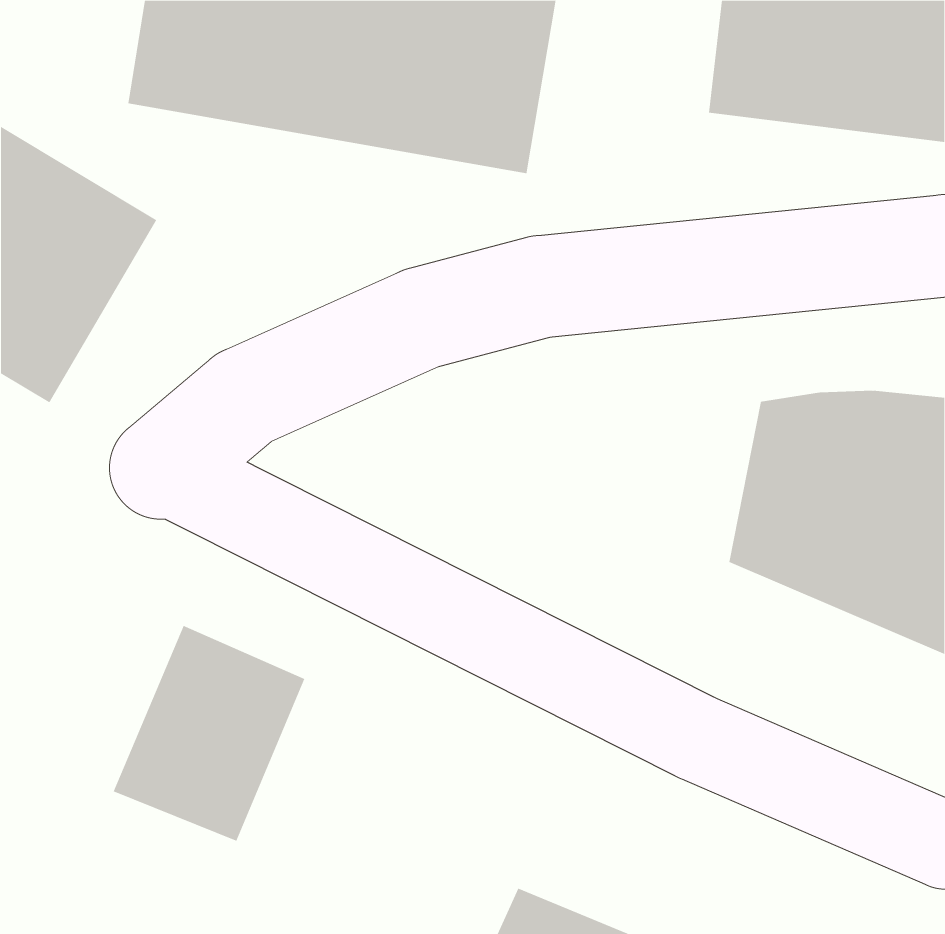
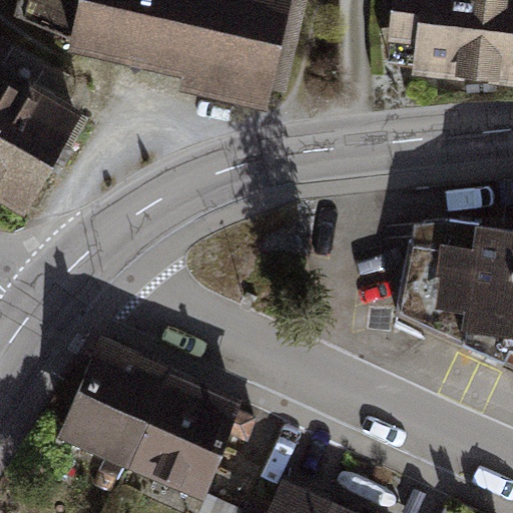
building: none -> [128,374,237,492]

